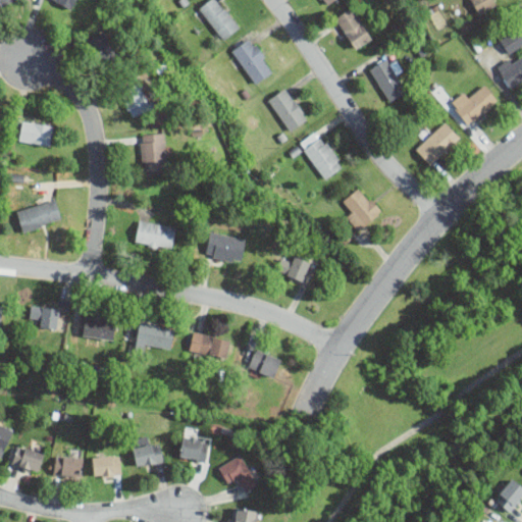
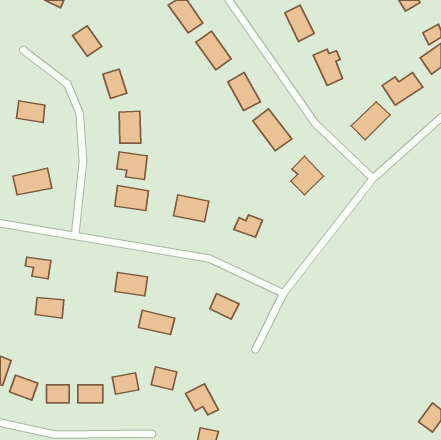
building: none -> [117,152,147,180]
building: [83,316,116,341] -> [35,297,64,318]
building: [189,330,231,359] -> [139,310,175,334]

